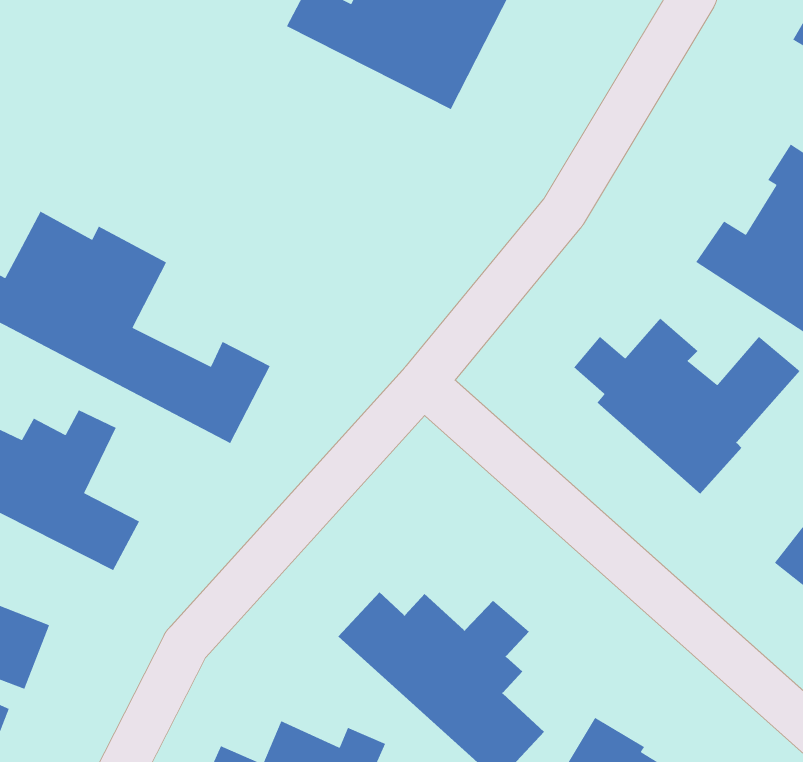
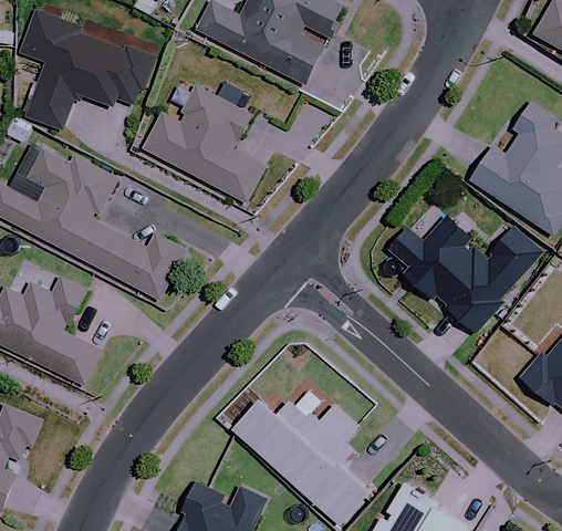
building: none -> [20,12,154,131]
building: none -> [144,87,264,202]

